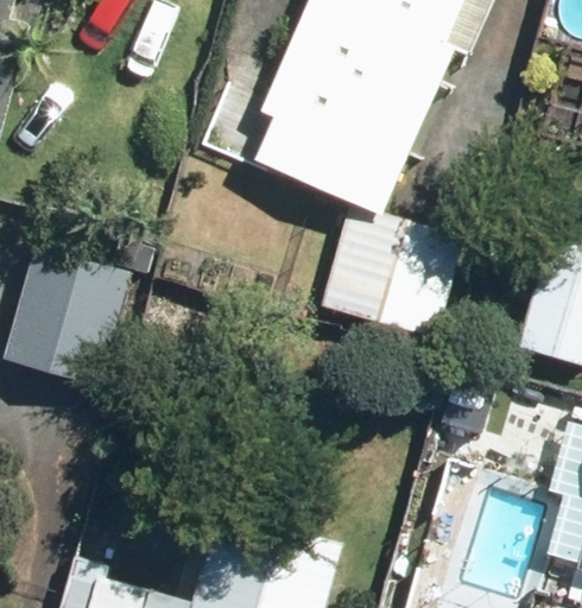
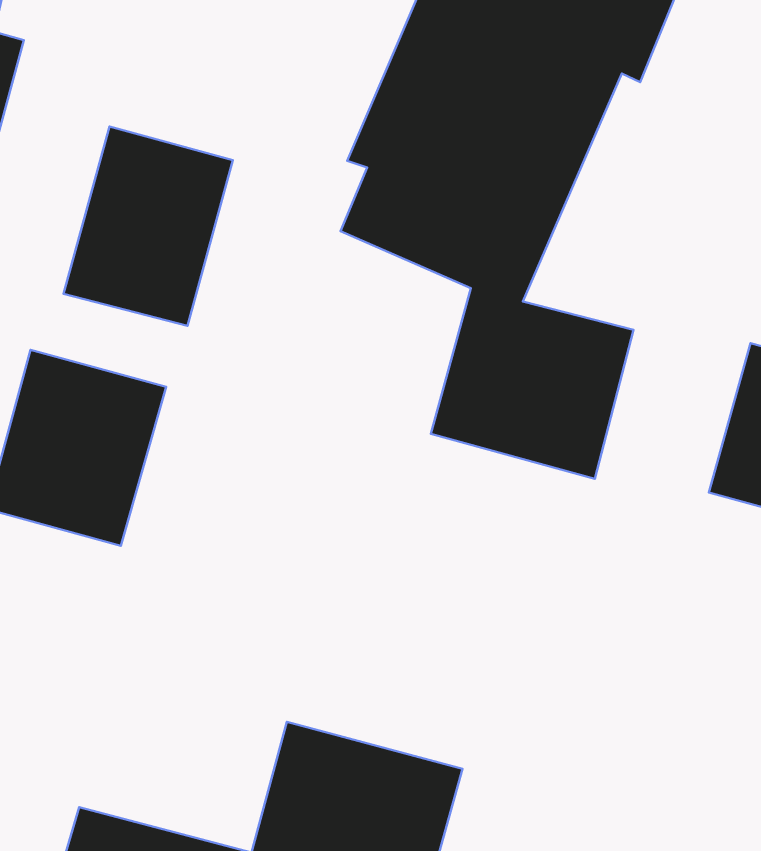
building: none -> [64,126,233,326]

